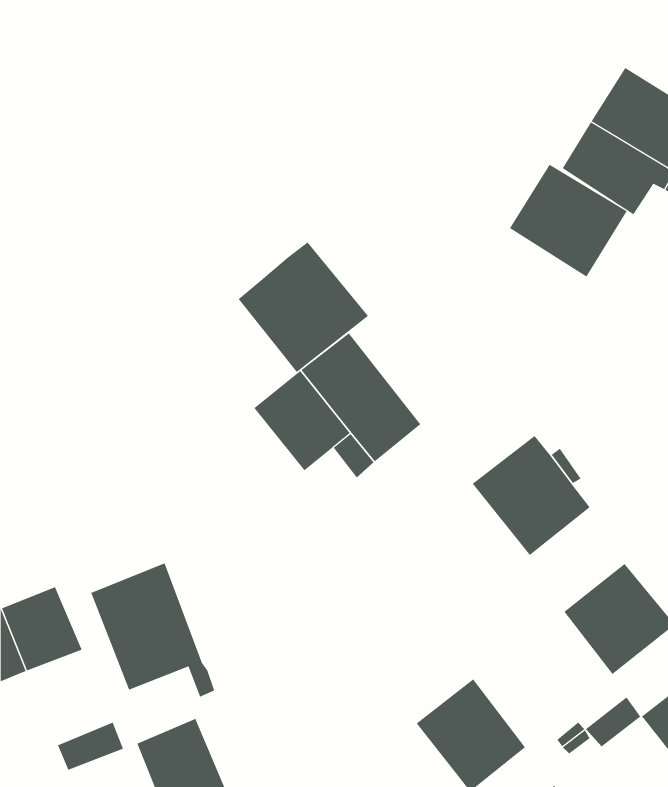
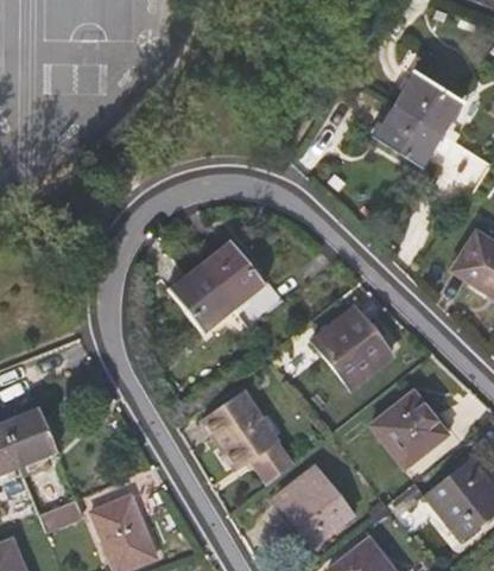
building: [509,164,627,278] -> none
building: [238,241,369,373] -> none
building: none -> [202,391,296,482]
building: [91,563,215,697] -> none

